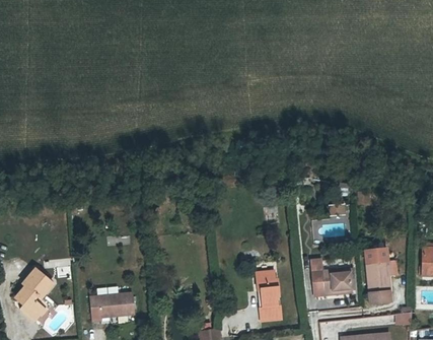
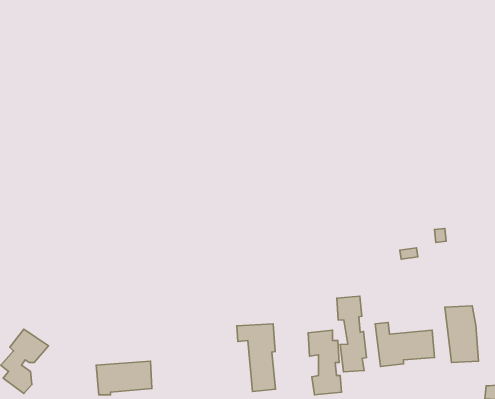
building: none -> [337,296,367,372]
building: none -> [237,324,275,391]

